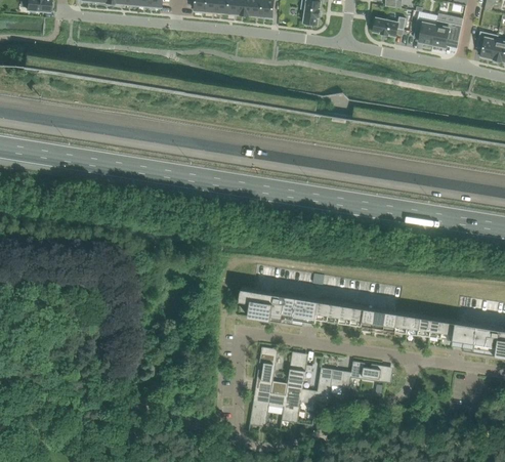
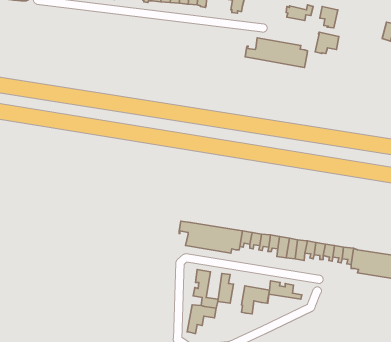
building: [431,20,461,47] -> [315,32,339,54]
building: [475,31,498,59] -> none
building: none -> [245,38,307,68]
building: [281,386,318,422] -> none

